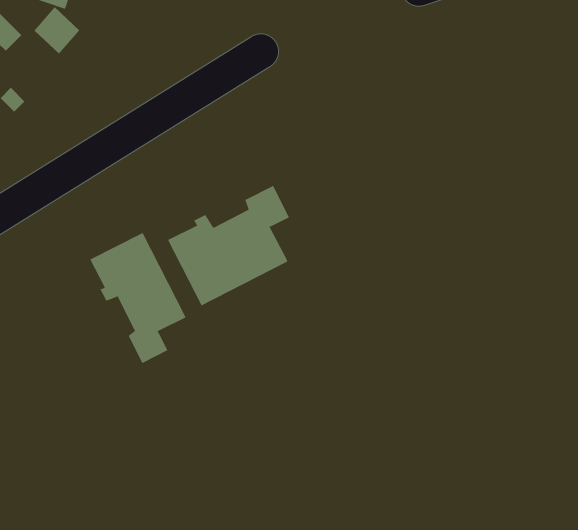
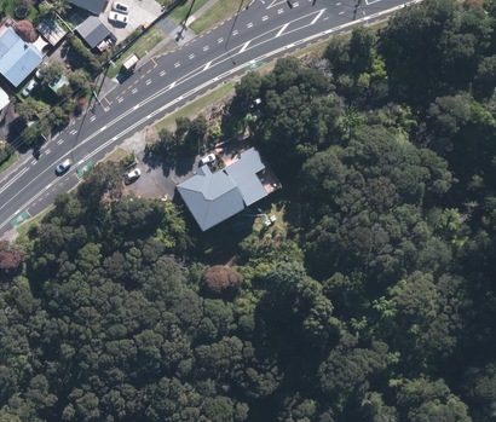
building: [89,232,186,364] -> none

